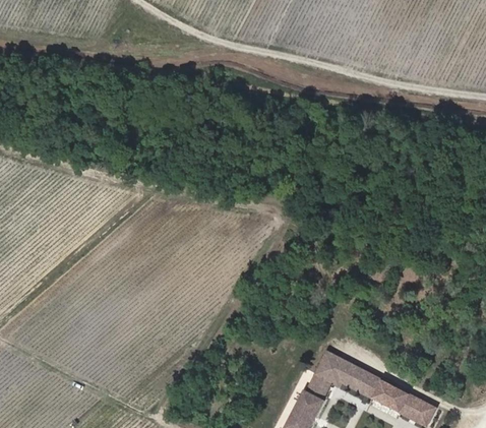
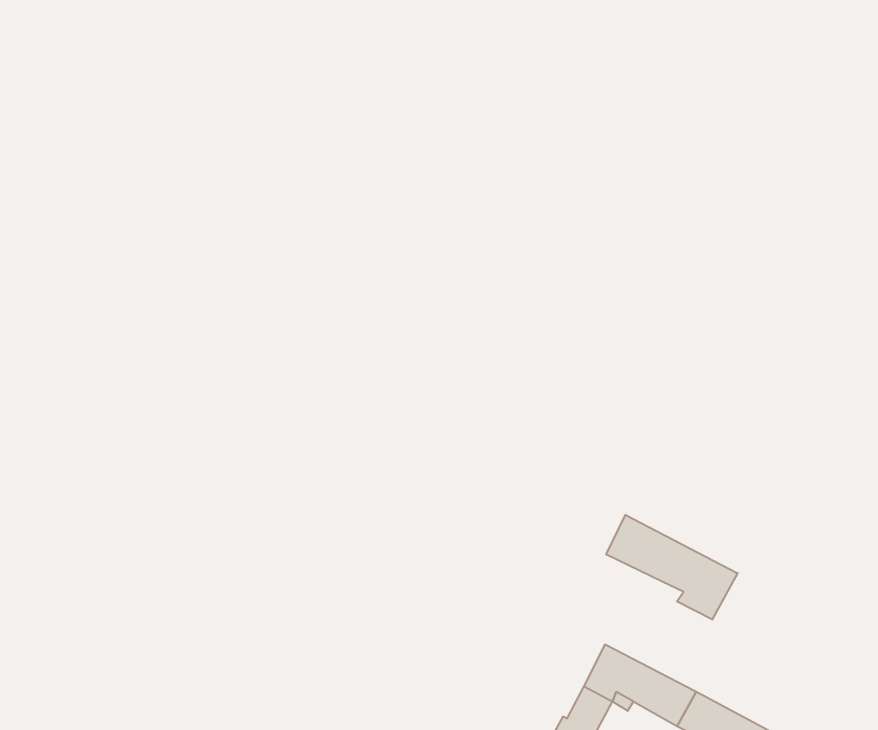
building: none -> [606,515,738,620]

